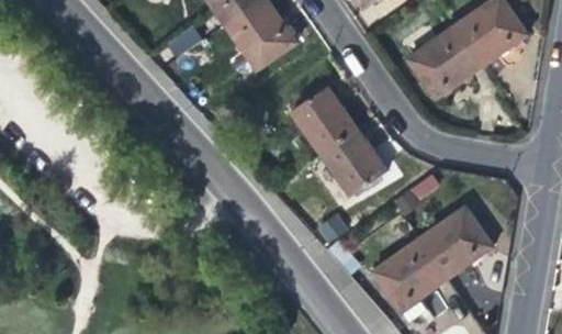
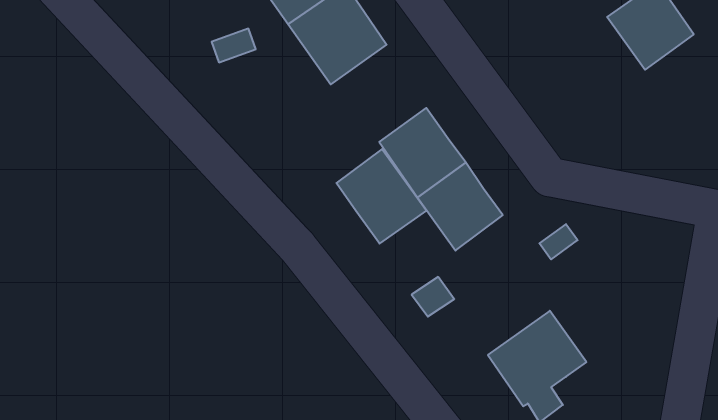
building: [407,19,491,98] -> none
building: none -> [336,149,427,244]
building: [419,207,492,277] -> none

